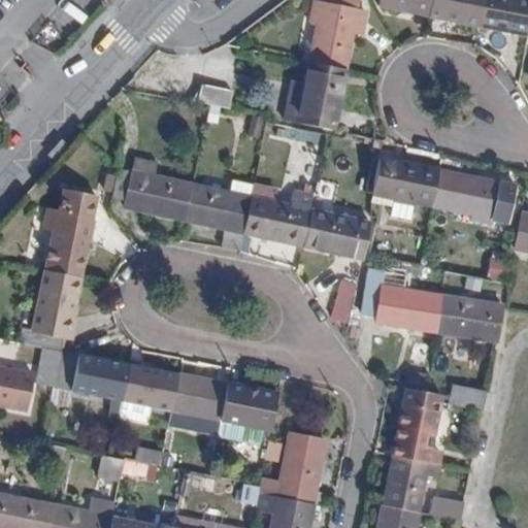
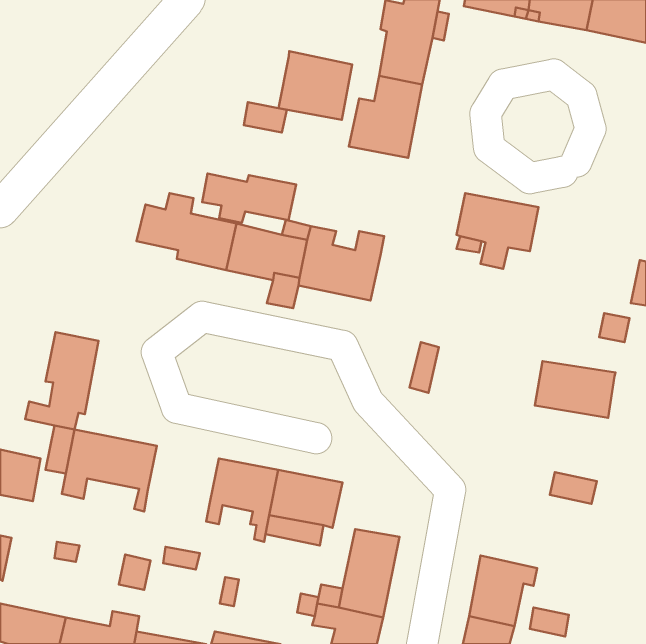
building: none -> [278,51,352,120]
building: none -> [202,174,296,223]
building: [432,169,515,214] -> none
building: [43,194,96,278] -> none
building: [302,208,371,257] -> none
building: [376,285,442,331] -> none
building: [118,364,178,424] -> none
building: [392,388,443,464] -> none

